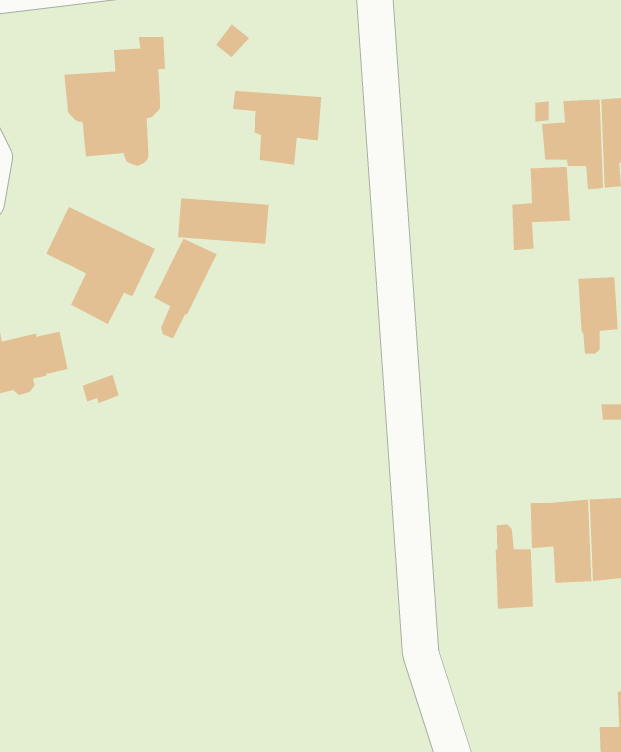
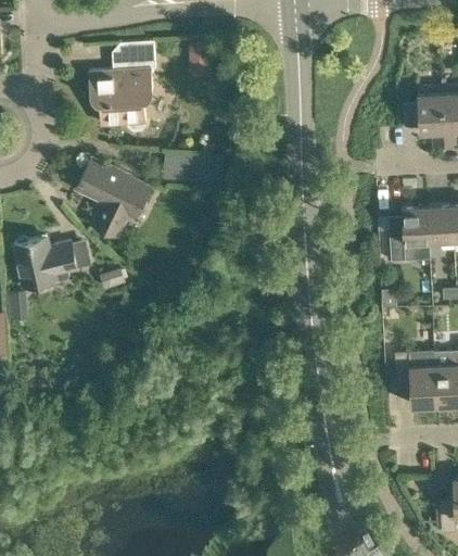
building: [233,90,322,166] -> none
building: [512,167,571,251] -> [390,206,429,262]
building: [154,238,217,339] -> none
building: [495,524,534,609] -> none

